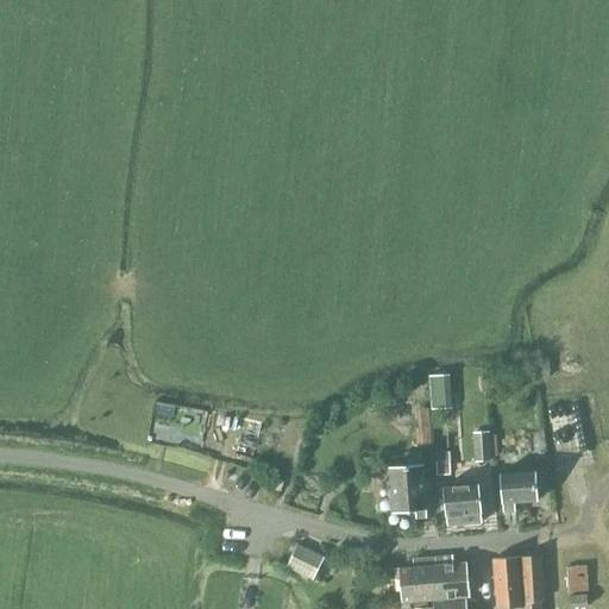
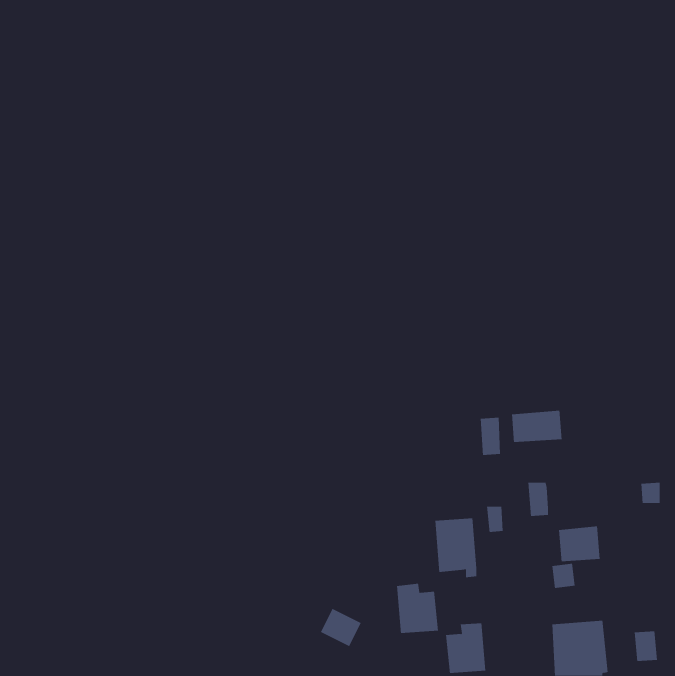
building: none -> [511,410,562,443]
building: [442,483,482,527] -> none
building: [432,555,470,601] -> [396,583,439,634]

